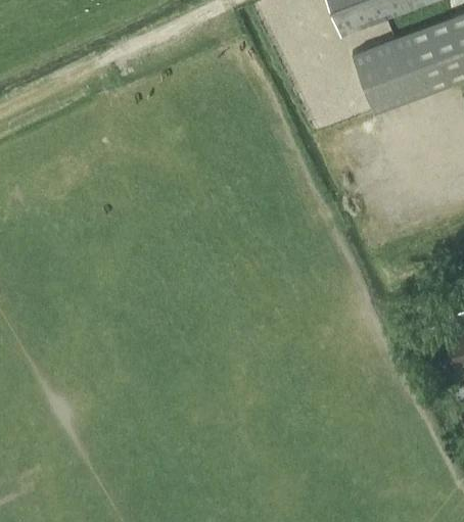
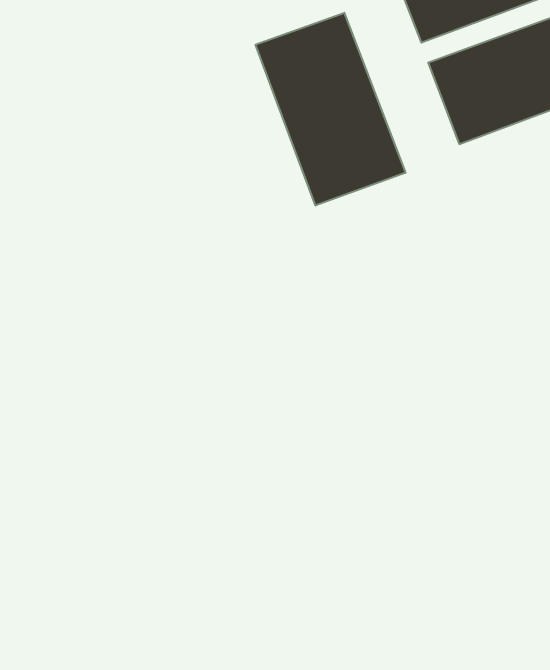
building: none -> [256,13,405,206]

